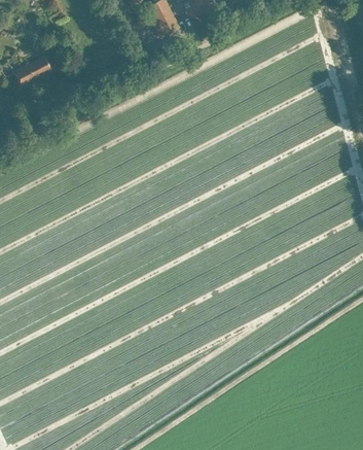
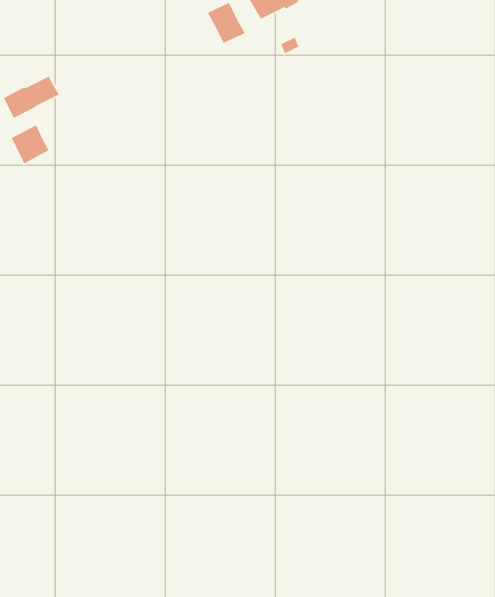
building: none -> [11,124,50,164]

